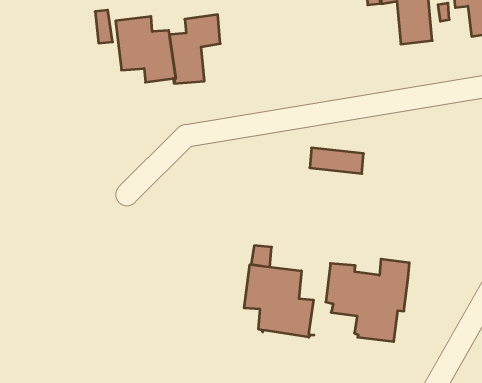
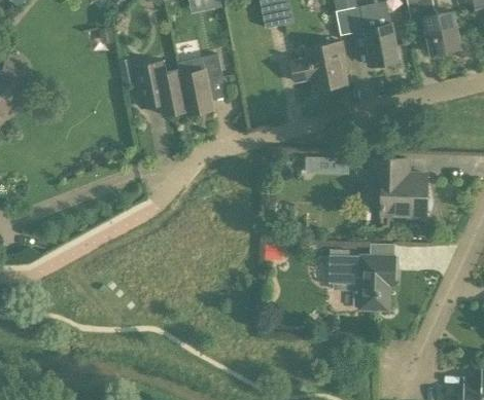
building: none -> [291,42,347,90]
building: none -> [371,157,425,215]
building: [244,265,314,337] -> none

